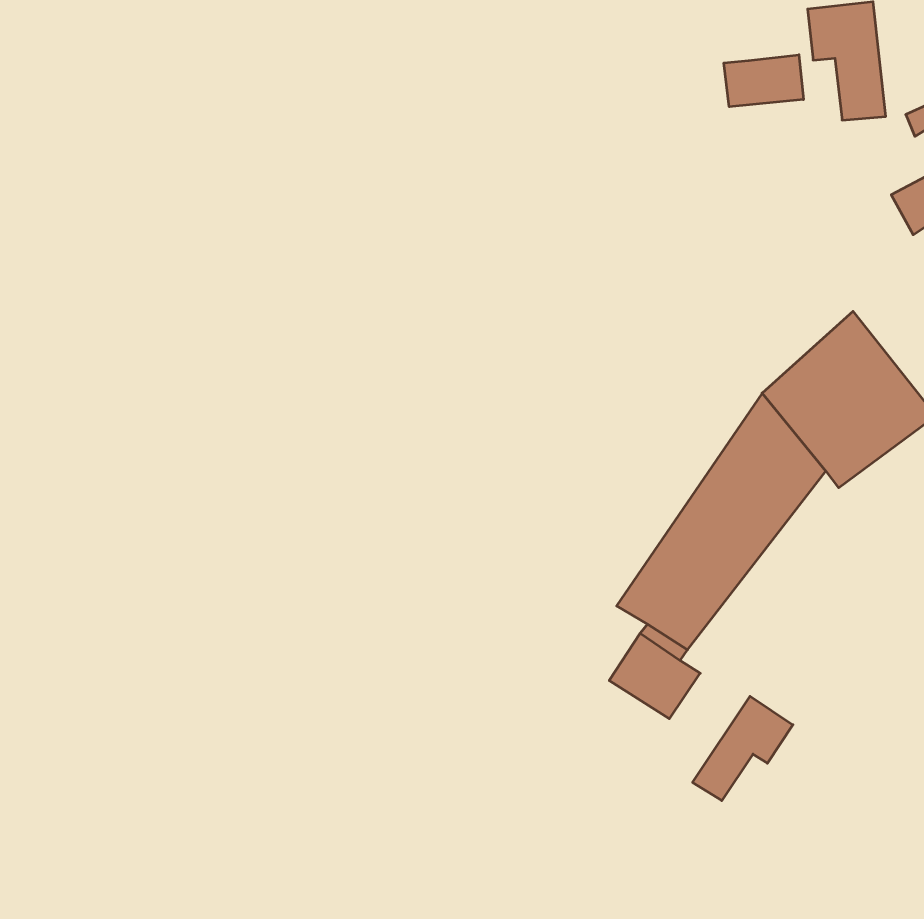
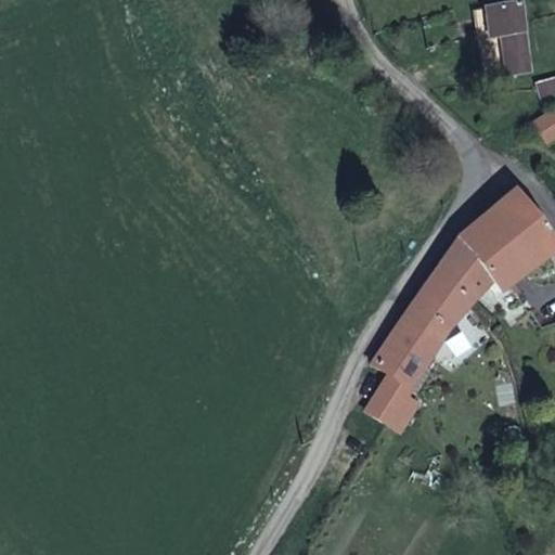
building: [724,55,803,107] -> none
building: [693,696,793,801] -> none

